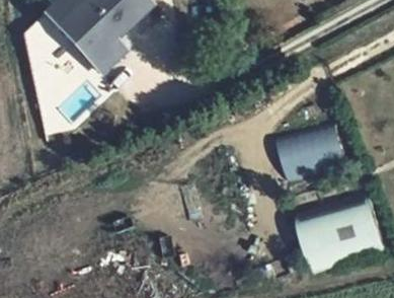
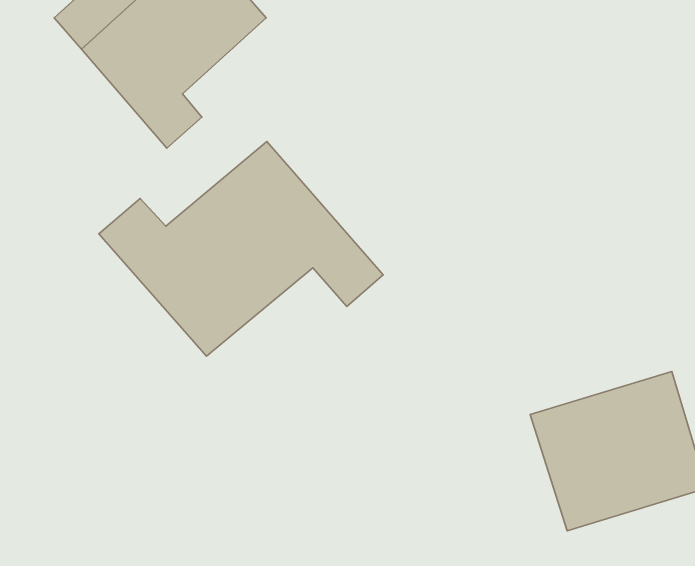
building: none -> [99,142,383,356]
building: [275,120,346,178] -> none

